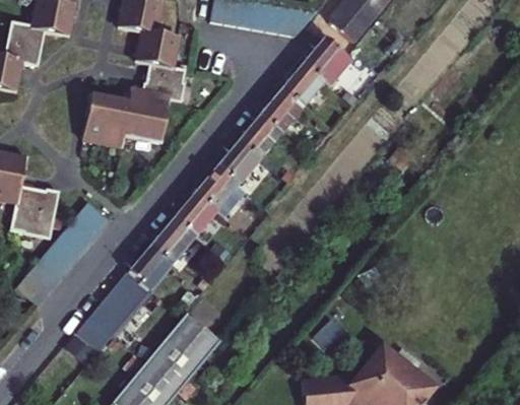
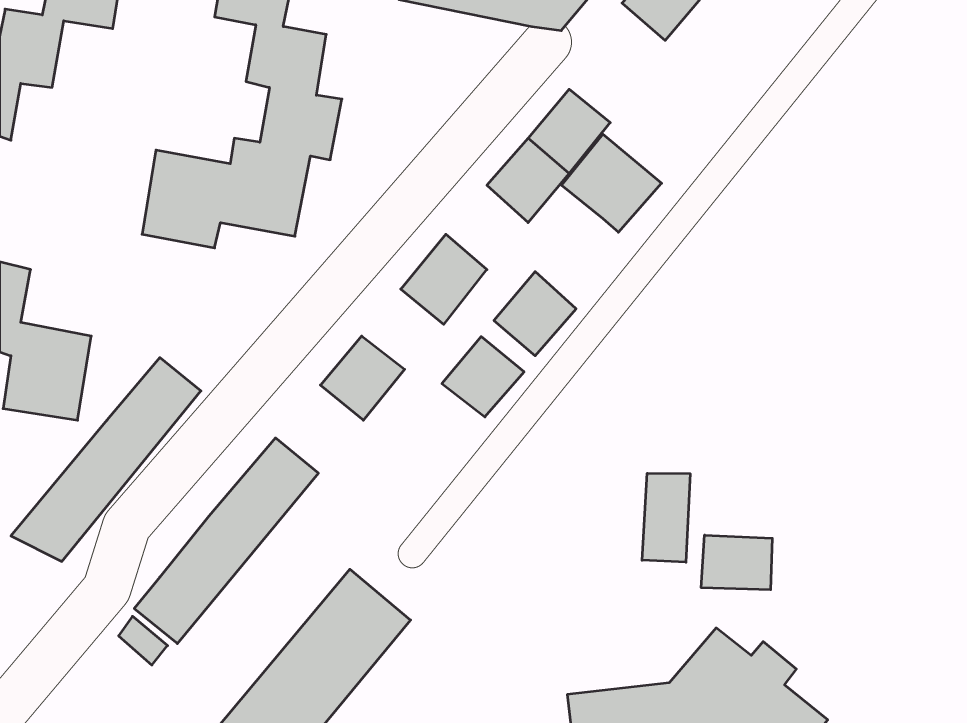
building: [303,37,354,87] -> [562,134,662,232]
building: [239,113,281,156] -> [494,272,576,356]
building: [195,166,238,208] -> [442,337,524,417]
building: [150,216,196,262] -> none
building: none -> [642,473,690,562]
building: none -> [701,535,772,590]

